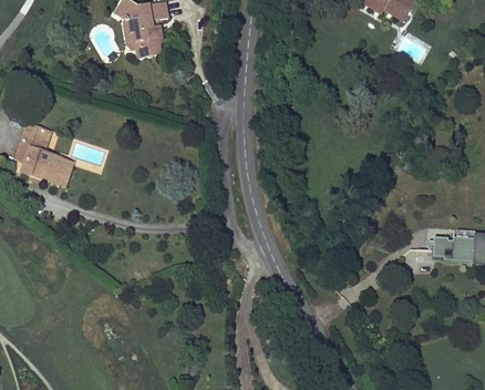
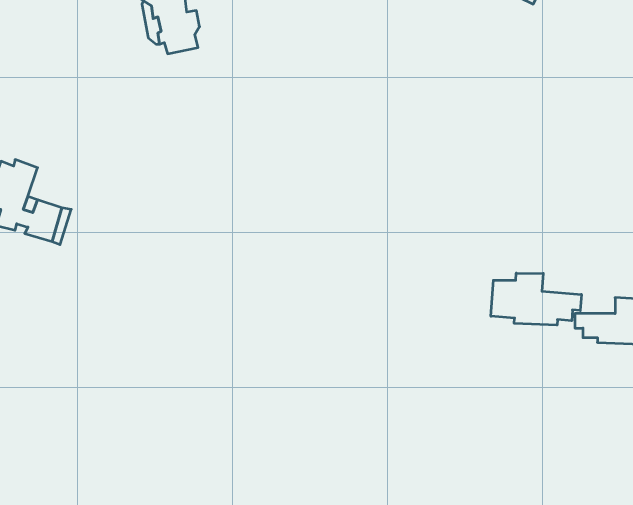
building: none -> [491,273,581,325]

